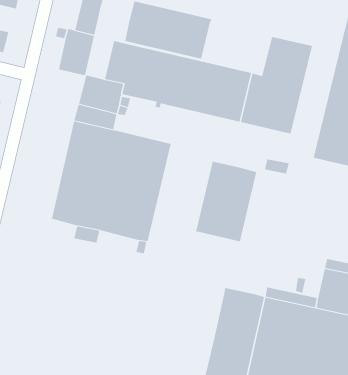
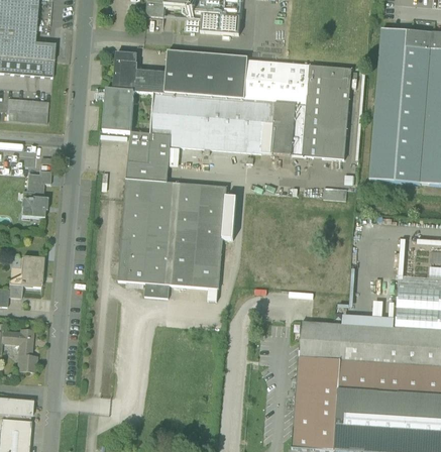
building: none -> [134,63,166,94]
building: none -> [244,60,310,105]
building: [195,161,257,242] -> none

